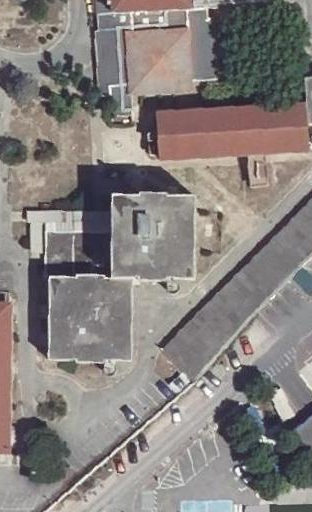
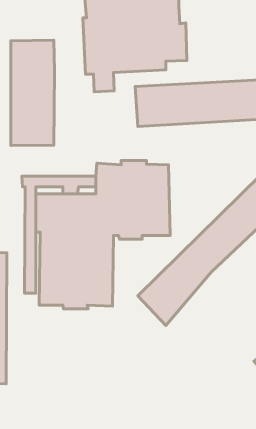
building: none -> [11,40,55,146]

